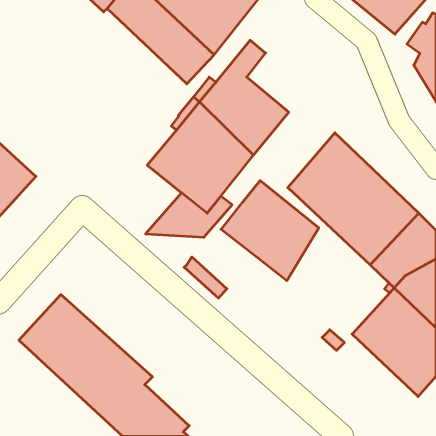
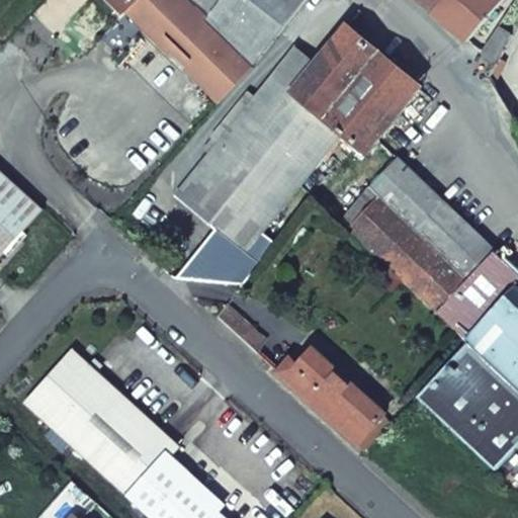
building: none -> [291,23,421,153]
building: [221,181,319,281] -> none
building: none -> [278,348,390,450]

